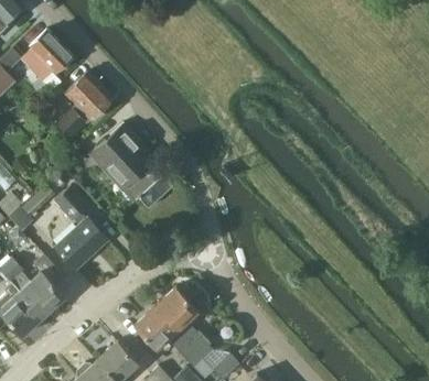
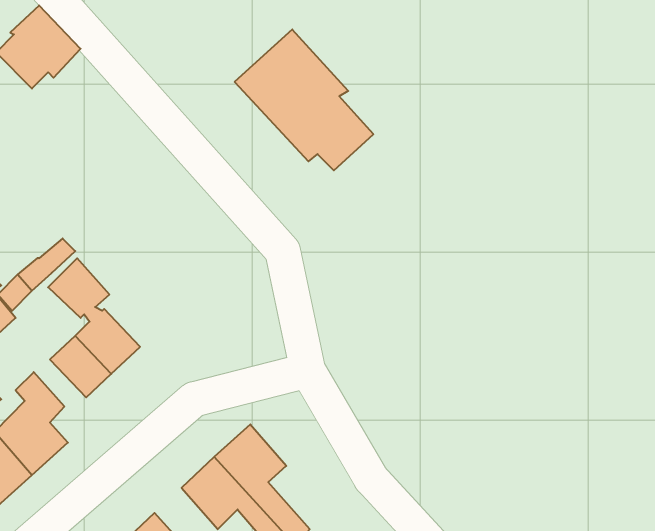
building: [55,72,112,139] -> none
building: [88,122,173,208] -> [235,29,373,170]

